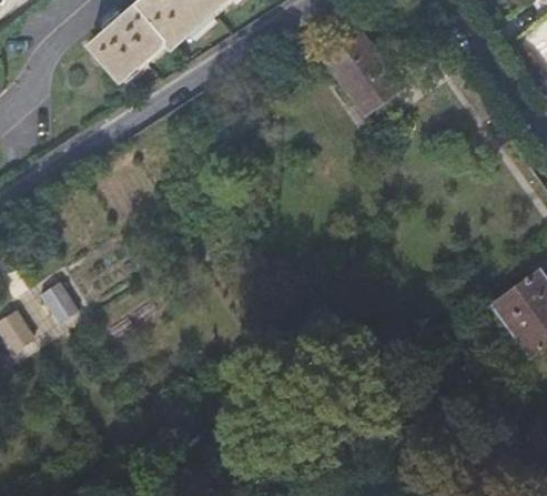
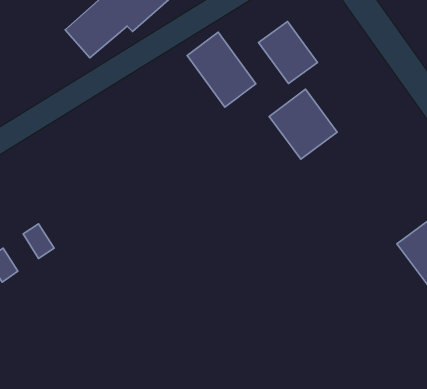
building: none -> [187,32,256,107]
building: none -> [269,89,337,159]

